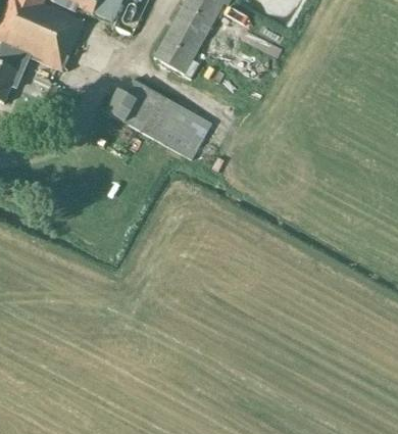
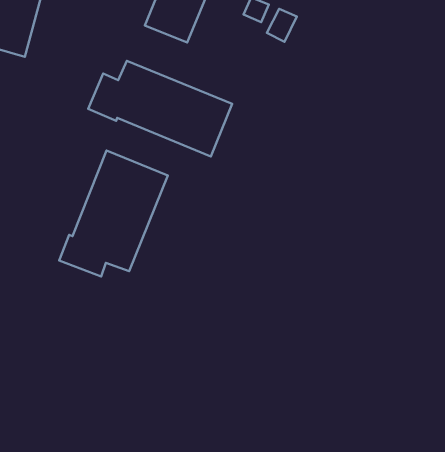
building: none -> [59,151,168,277]

